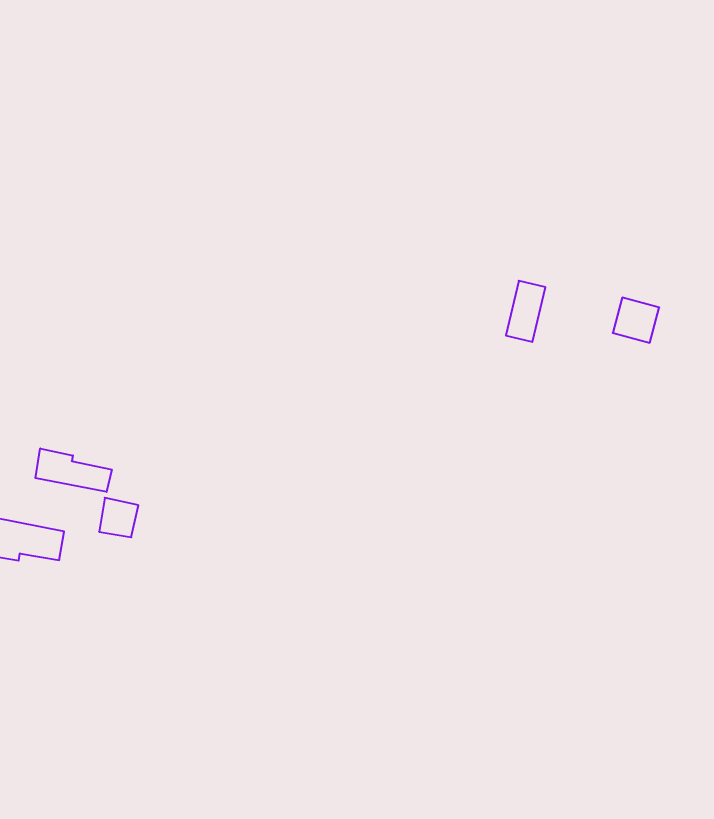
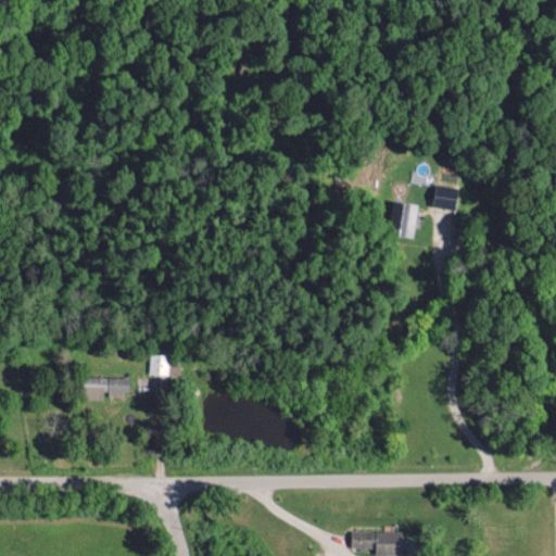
building: [506,281,545,342] -> [399,203,417,238]
building: [35,448,112,492] -> none

